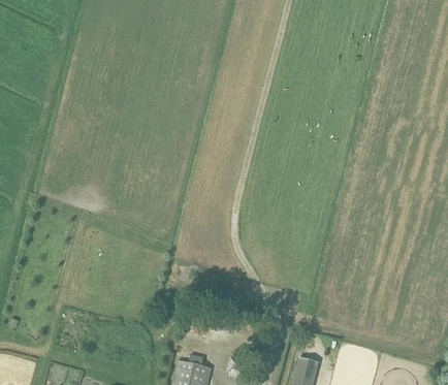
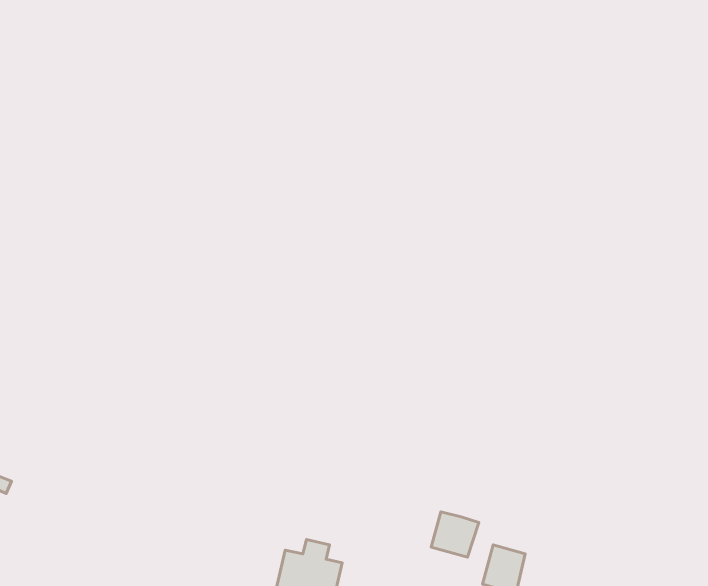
building: none -> [431,512,479,557]

